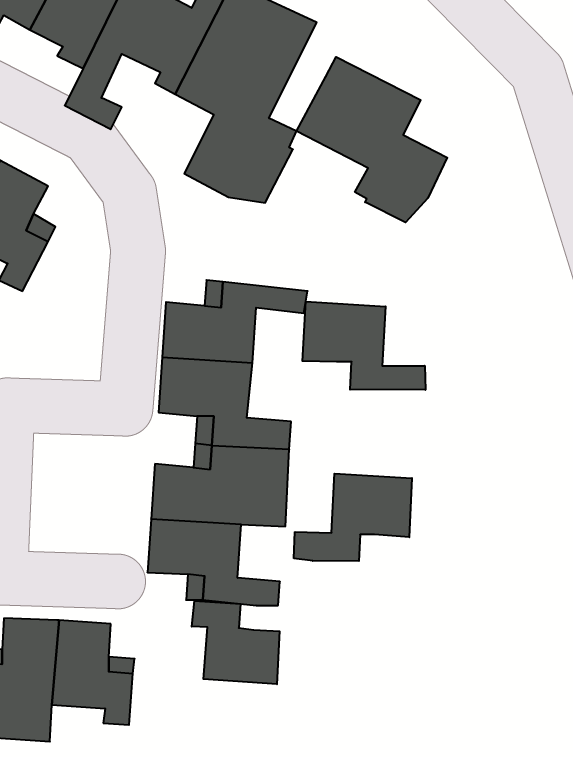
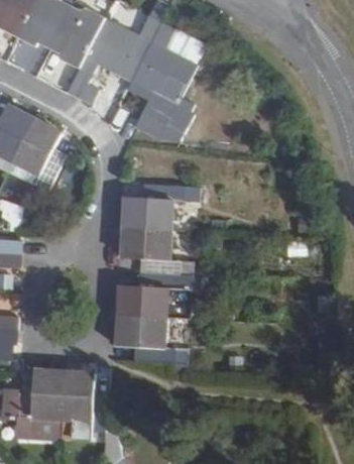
building: [297,57,447,222] -> none
building: [302,302,425,390] -> none
building: [294,474,412,561] -> none
building: [192,601,280,684] -> none

